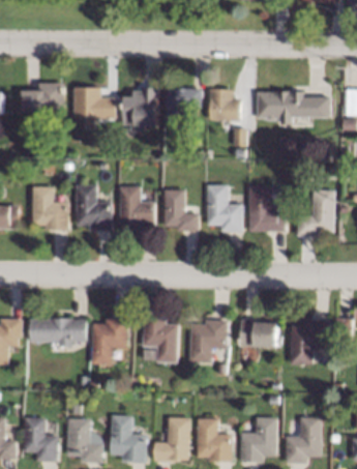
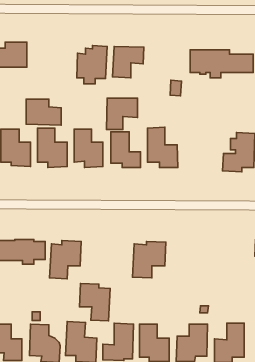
building: [73,88,115,119] -> [26,99,61,125]
building: [209,89,241,121] -> none
building: none -> [106,98,137,129]
building: [247,186,285,232] -> none
building: [142,319,178,363] -> [80,283,110,321]
building: [239,319,277,349] -> none
building: [290,320,328,364] -> none

